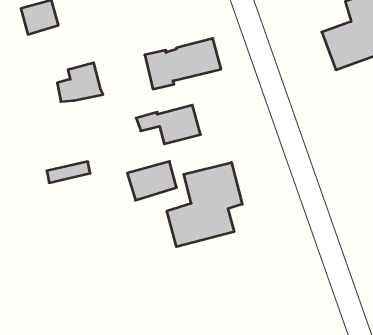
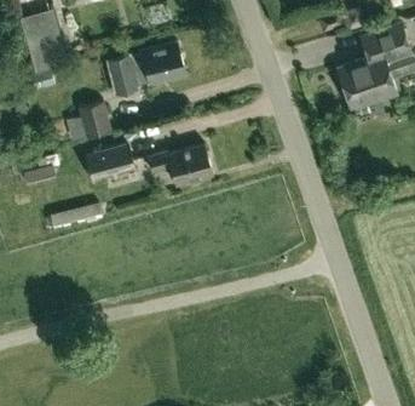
building: [145,38,221,89] -> [108,42,186,95]
building: [127,161,177,200] -> [83,144,134,184]
building: [167,162,242,247] -> none

